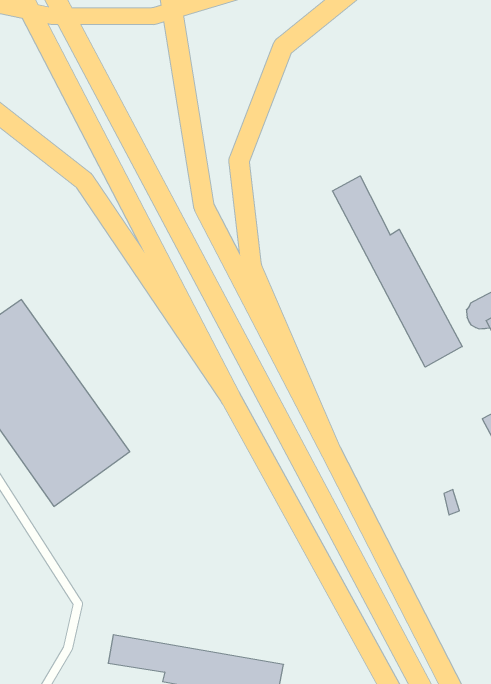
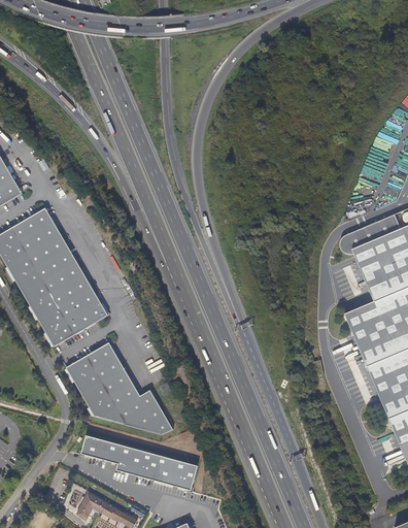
building: [332,176,462,367] -> none
building: none -> [66,341,174,434]

